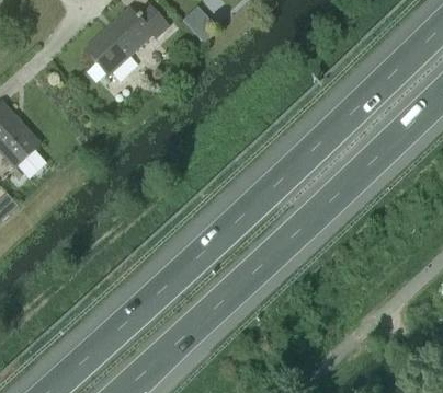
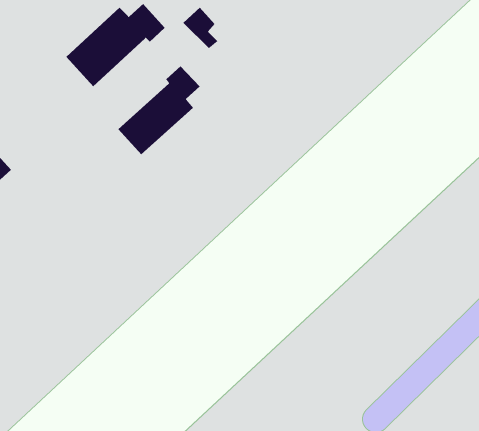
building: none -> [117,66,200,155]

